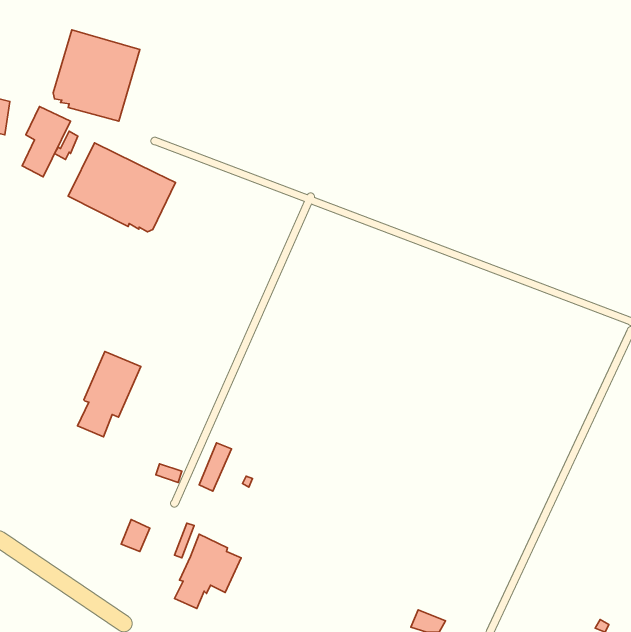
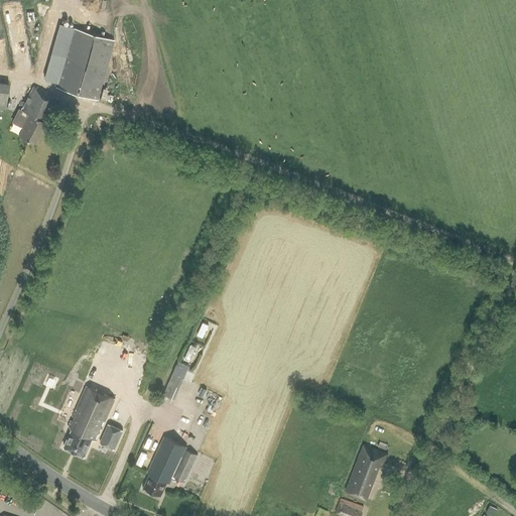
building: [68,143,176,232] -> none
building: [78,352,141,437] -> [62,387,114,457]
building: none -> [346,444,387,498]

